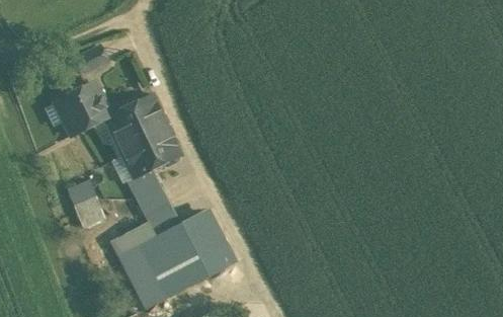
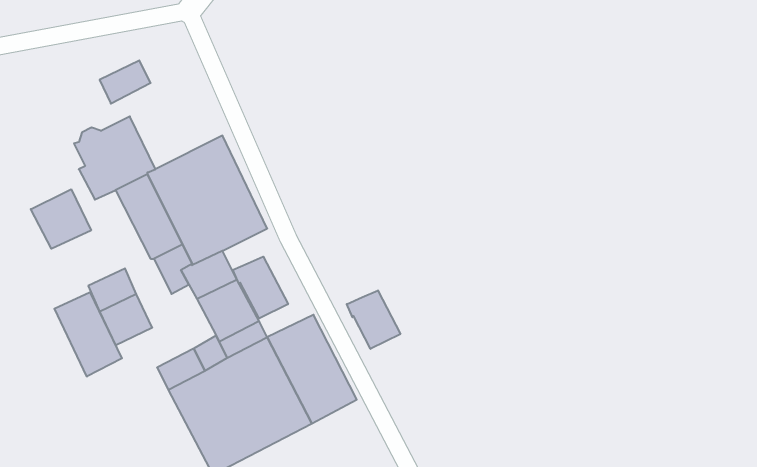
building: none -> [31,189,91,249]
building: none -> [233,257,288,319]
building: none -> [347,290,400,349]
building: none -> [54,292,122,377]

